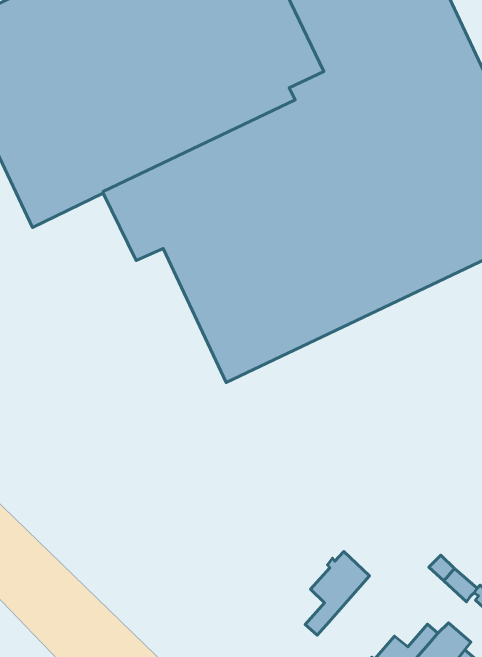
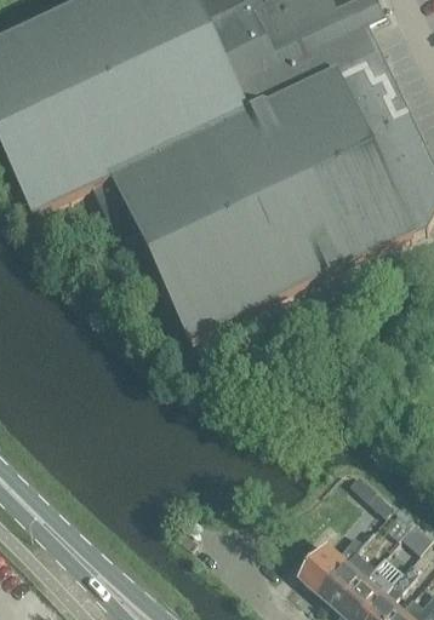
building: [305,551,370,635] -> none

